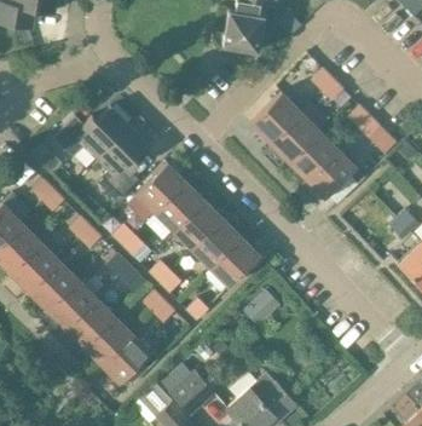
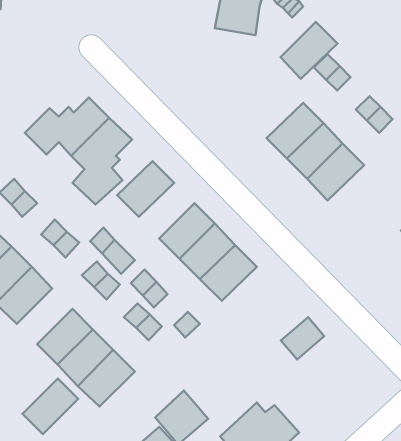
building: [250,92,301,143] -> [280,22,337,79]
building: [155,183,204,232] -> none
building: [46,277,96,327] -> [23,379,78,434]
building: [242,288,281,326] -> [281,317,324,359]

